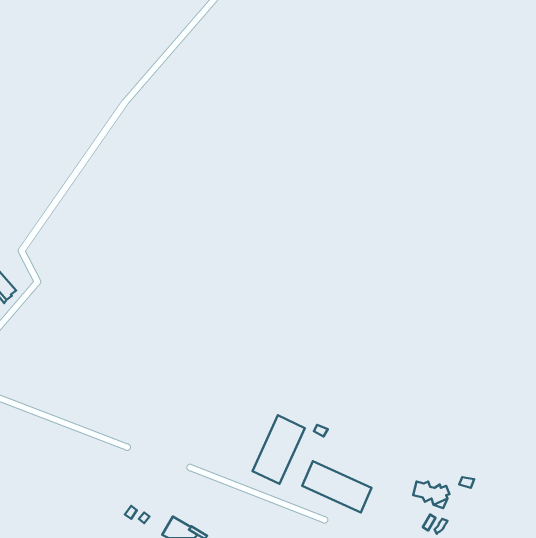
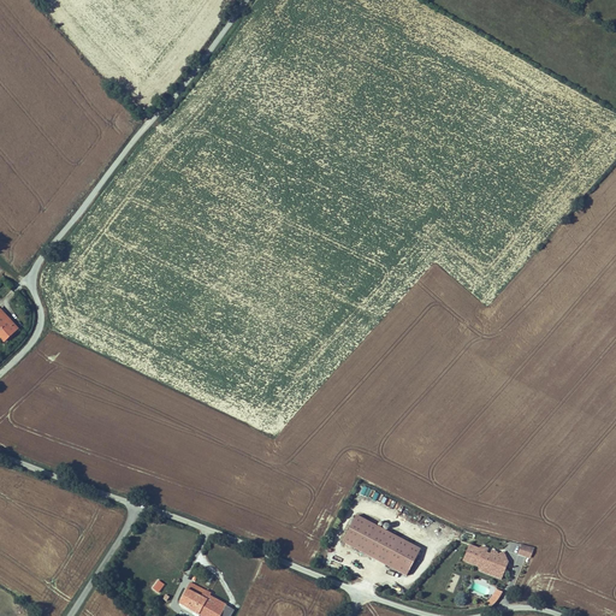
building: [252,415,305,484] -> none

